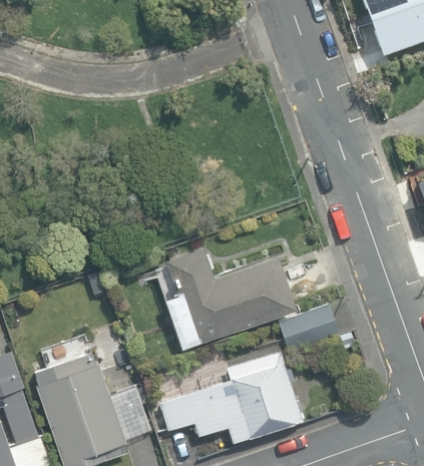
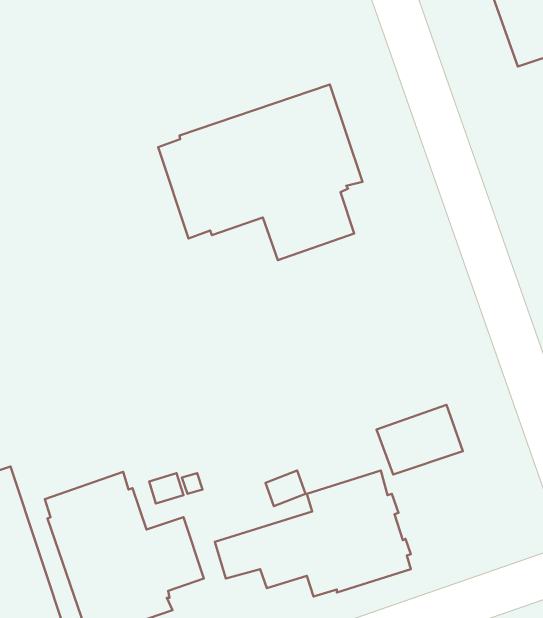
building: none -> [158,85,363,260]
building: [163,249,295,351] -> none

